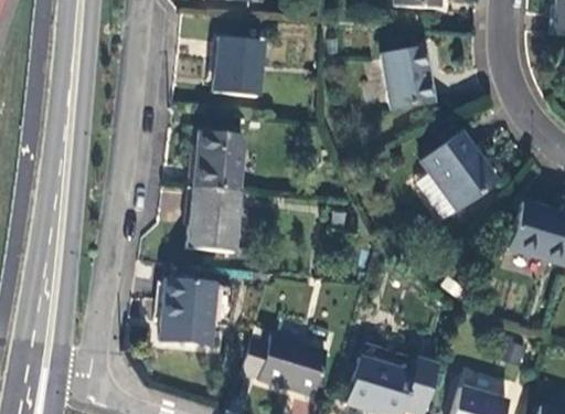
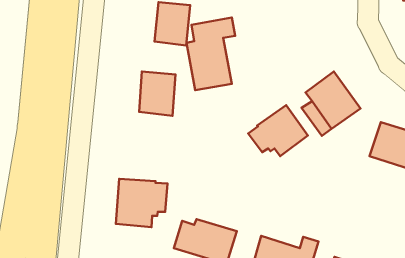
building: [383,47,435,109] -> none
building: none -> [186,17,235,90]
building: none -> [248,105,308,156]
building: [189,187,239,251] -> none

